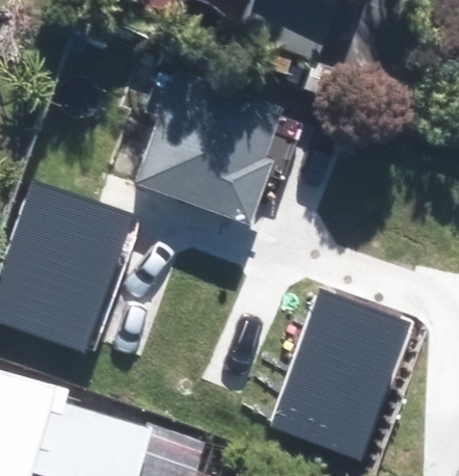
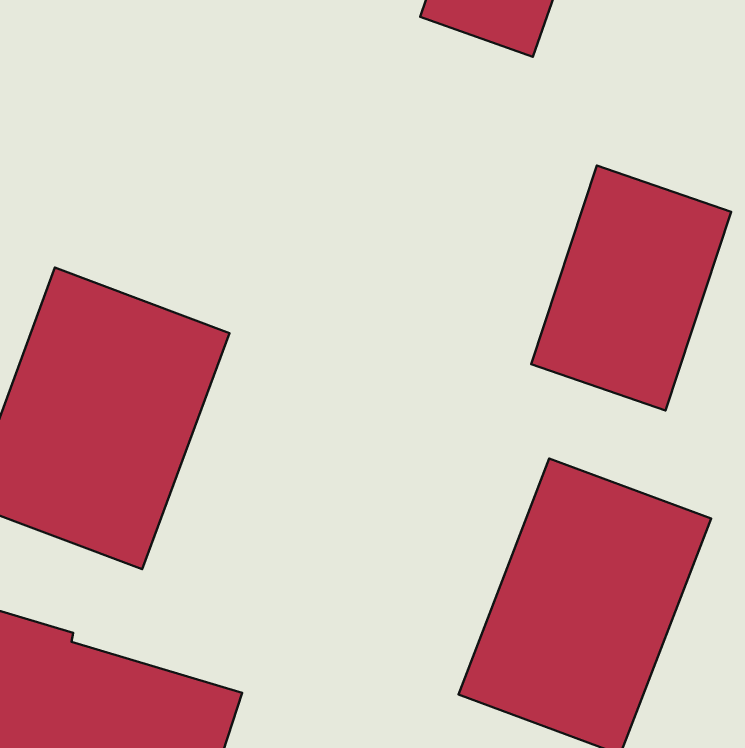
building: [130,72,276,217] -> none
building: none -> [531,166,731,410]

